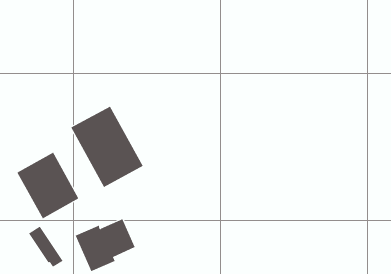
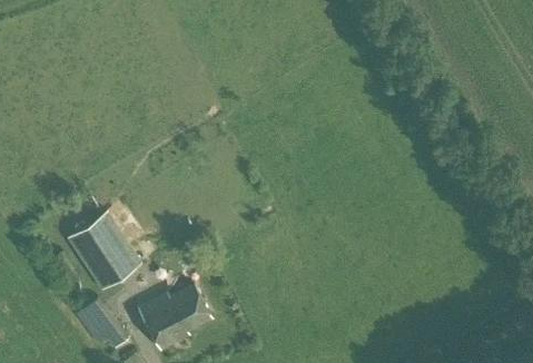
building: [70,106,144,188] -> none

